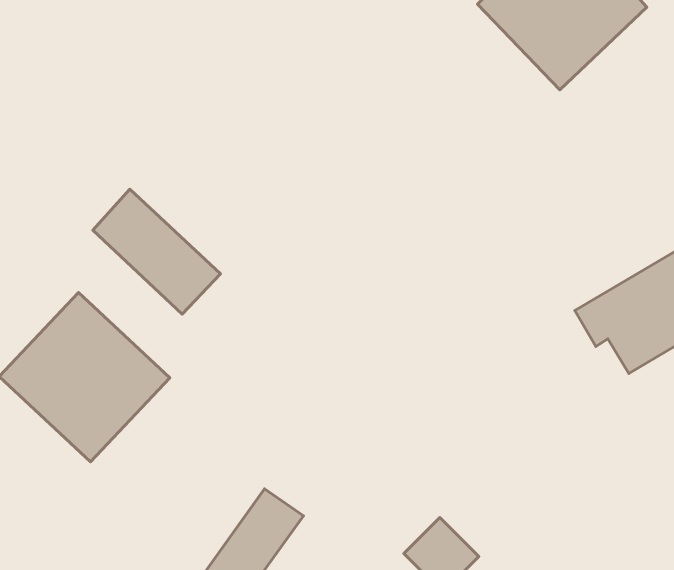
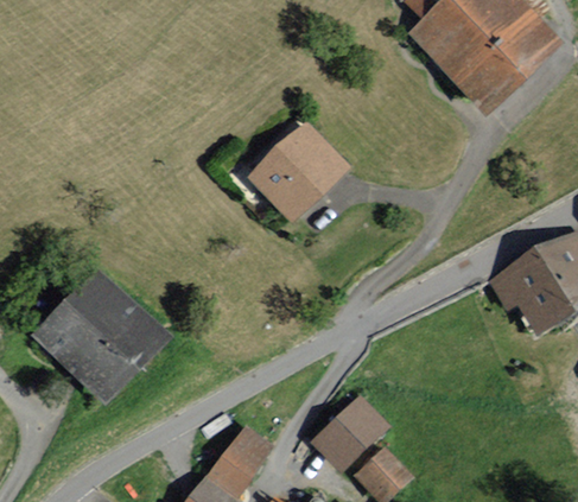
building: none -> [250,121,349,218]
building: [93,189,220,314] -> none
building: none -> [315,392,394,471]

